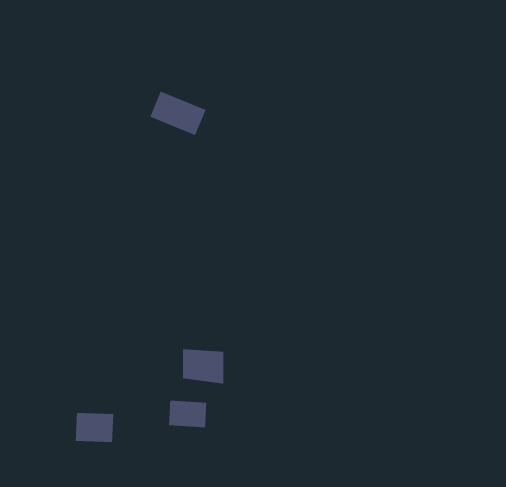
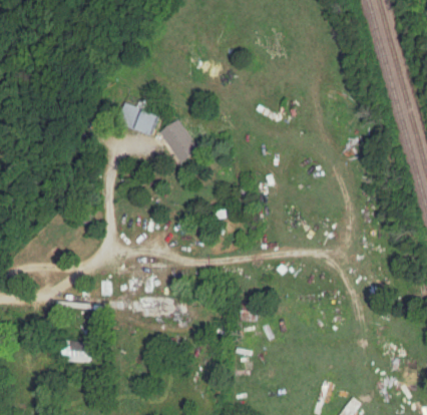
building: none -> [158,119,198,162]
building: [168,400,207,428] -> none

